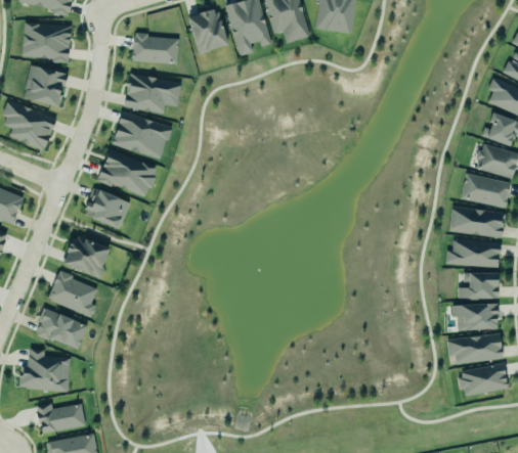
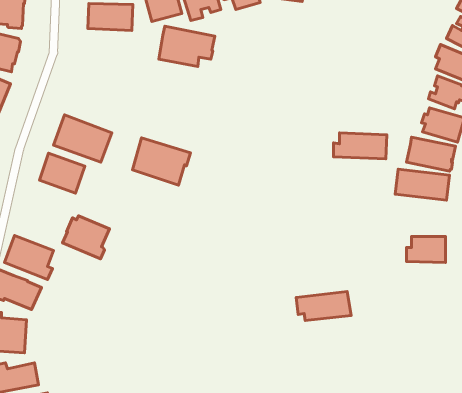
building: [123,73,180,114] -> [159,26,215,66]
building: [112,111,171,160] -> [132,138,190,185]
building: [60,235,109,279] -> [62,216,110,259]
building: [447,241,502,268] -> [334,133,387,159]
building: [451,303,497,330] -> none
building: [446,333,503,363] -> [296,292,351,321]
building: [460,365,510,398] -> none

